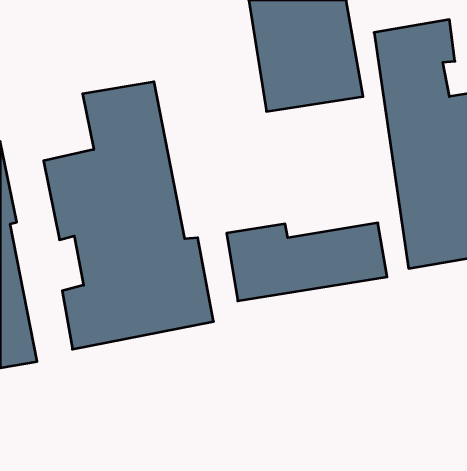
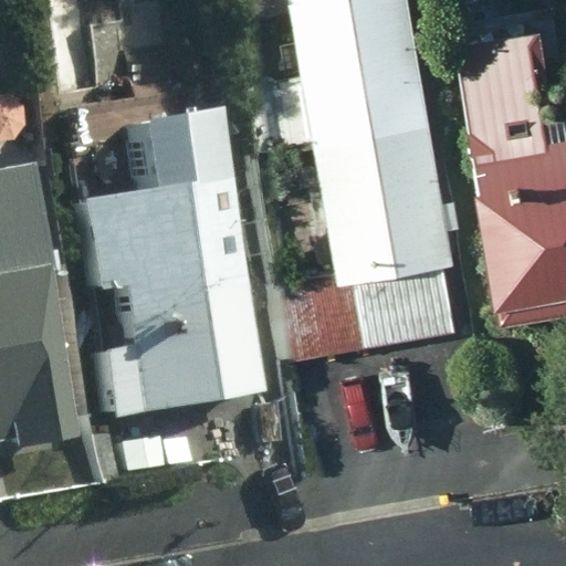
building: none -> [326,119,467,287]

